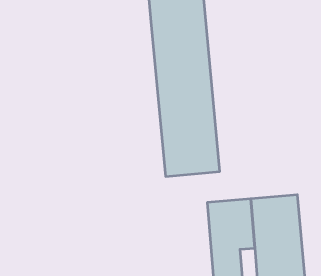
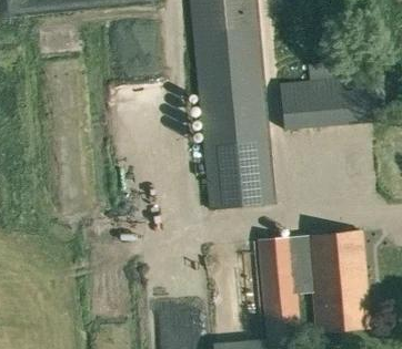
building: none -> [281,75,376,130]

